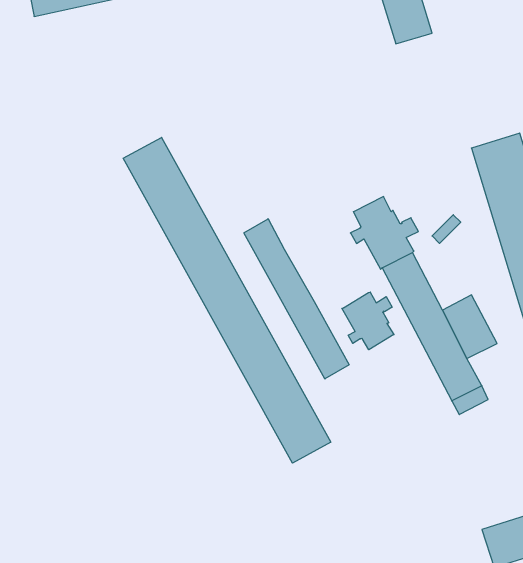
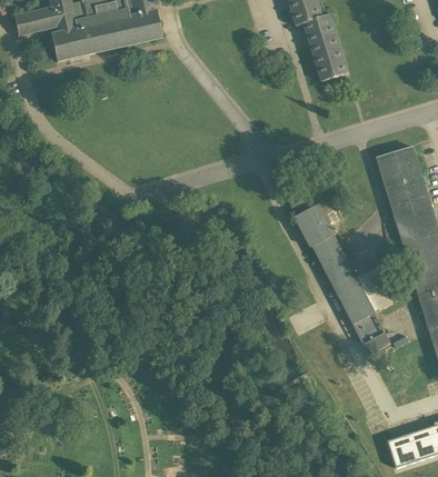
building: [123,137,331,463] -> none
building: [244,219,349,379] -> none
building: [342,292,394,350] -> none

